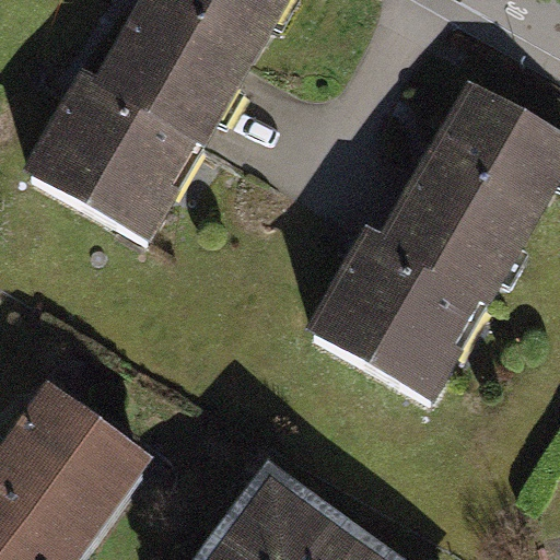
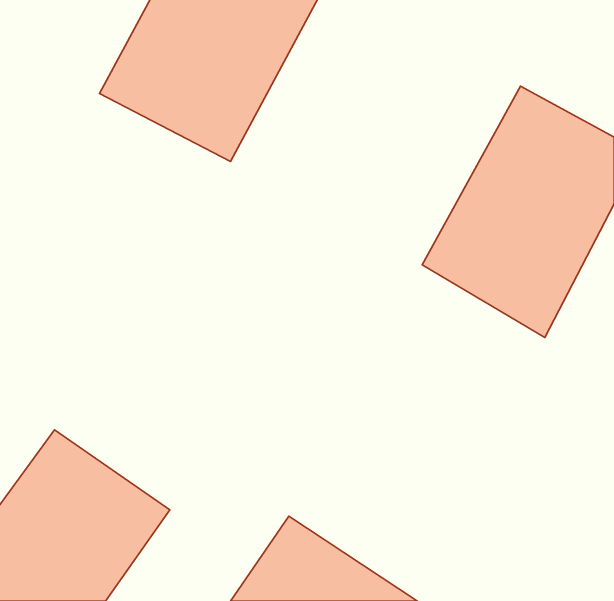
building: [24,78,208,248] -> none
building: [306,230,491,408] -> none

